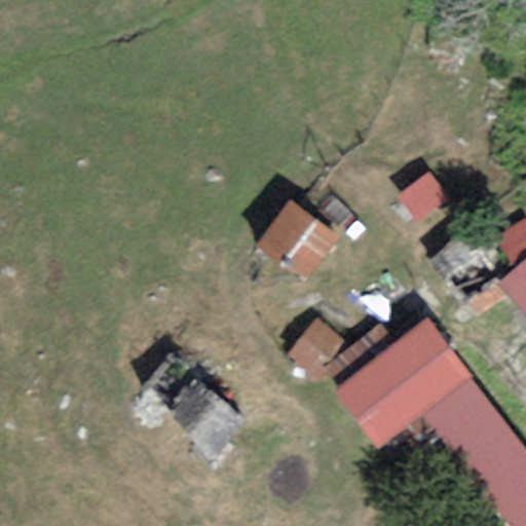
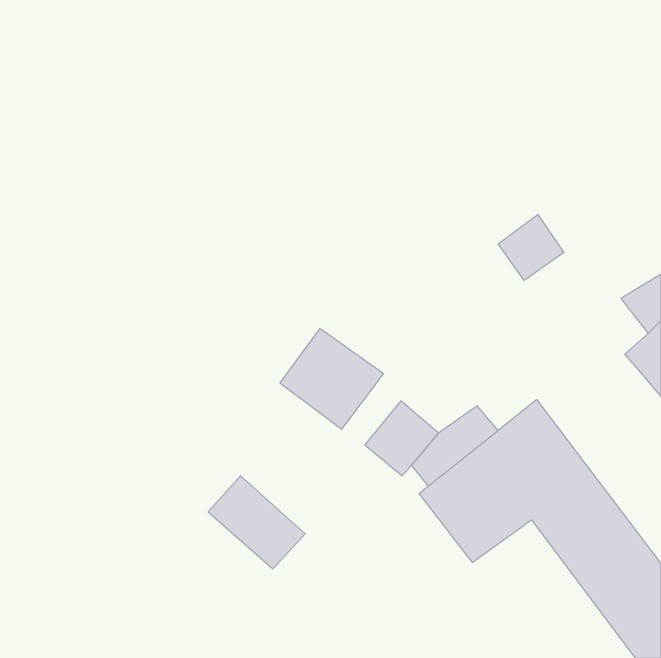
building: [257,200,339,280] -> [280,328,383,429]

